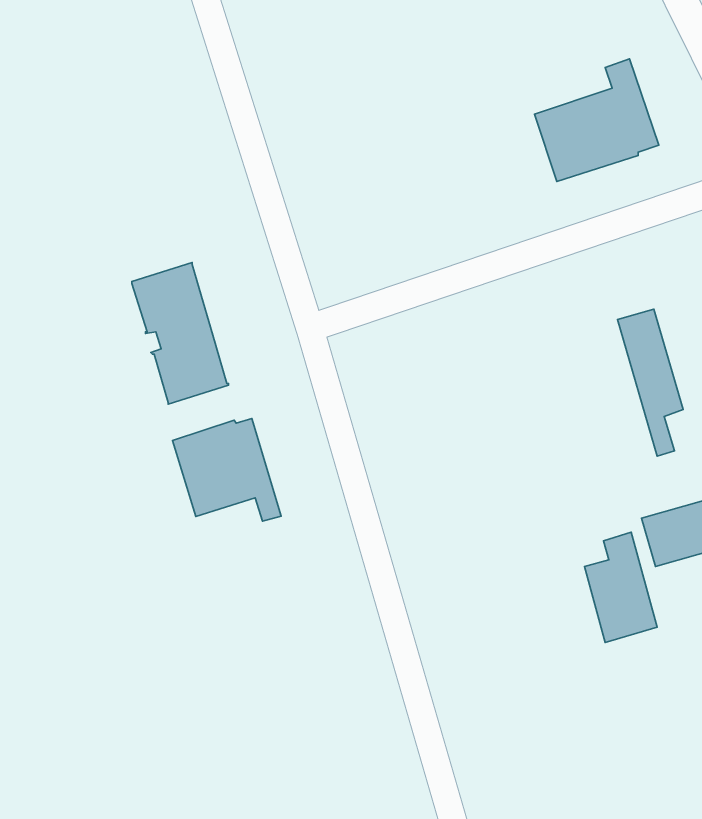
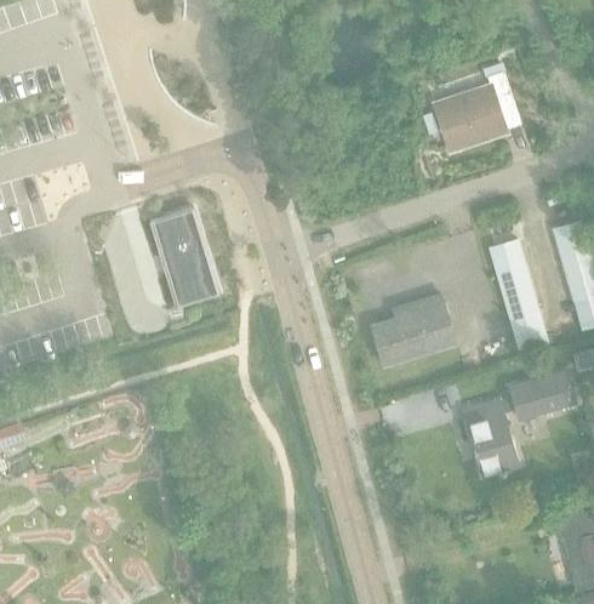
building: none -> [370,295,453,365]
building: [173,418,281,521] -> none

